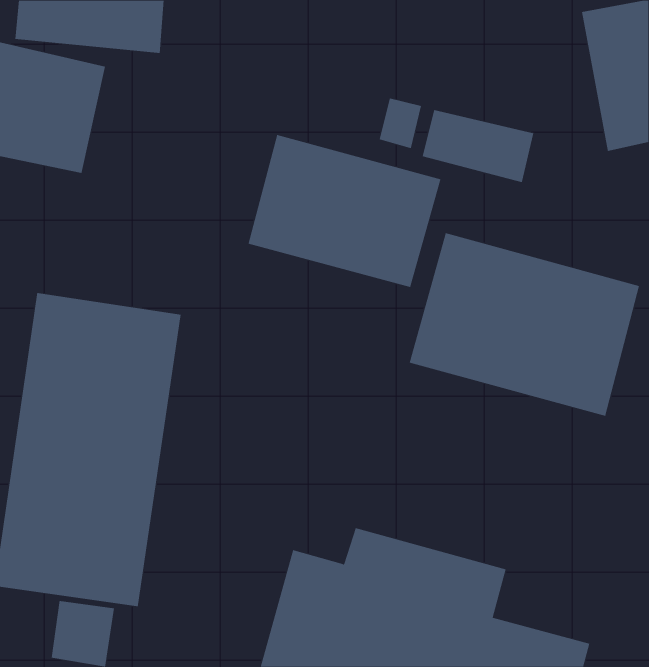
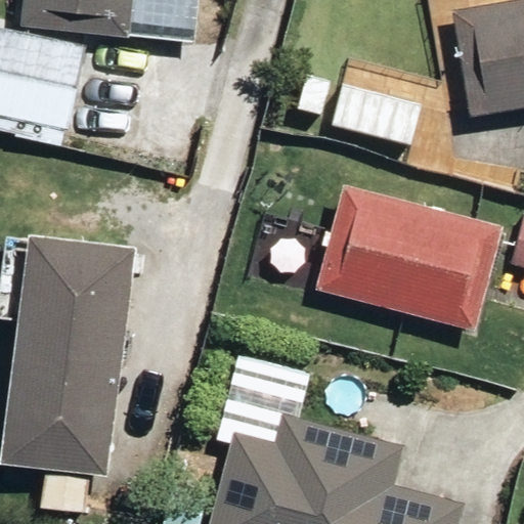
building: [248,134,441,288] -> none

